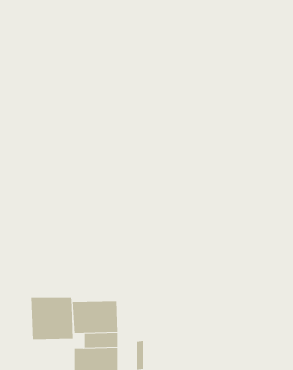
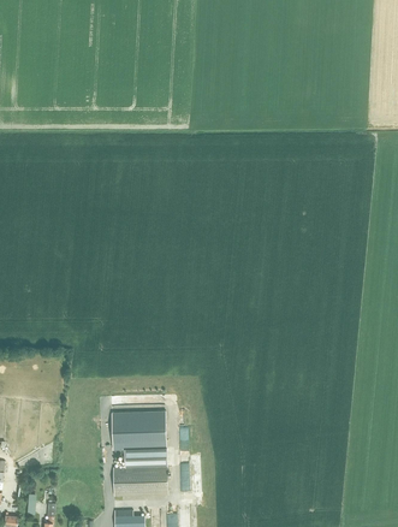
building: [31,297,73,340] -> none

